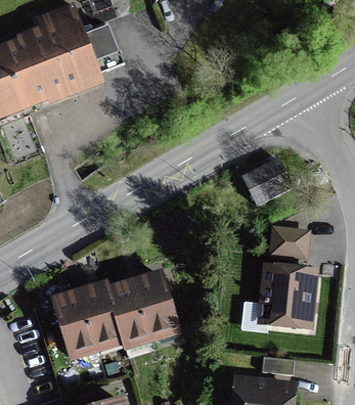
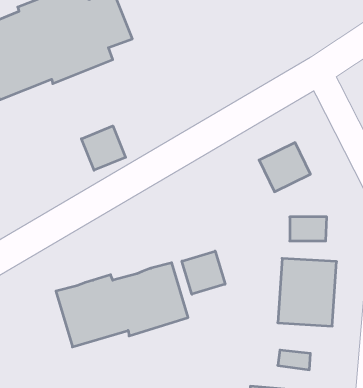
building: none -> [81,126,126,170]
building: none -> [182,251,225,294]

